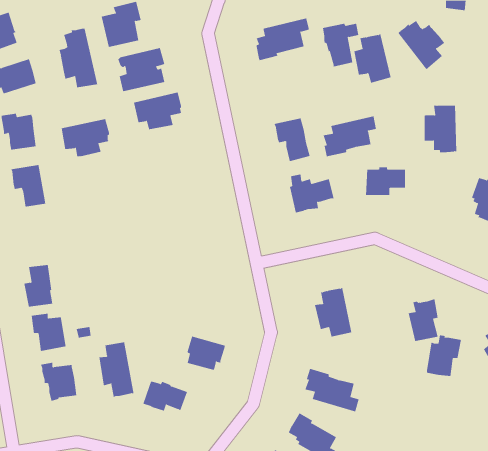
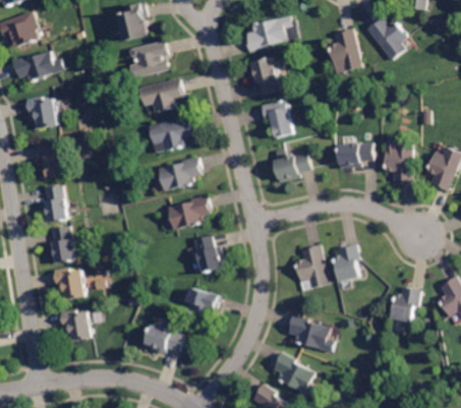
building: [322,23,359,67] -> [250,58,282,96]
building: [59,28,98,88] -> none
building: [424,105,457,153] -> [384,141,412,182]
building: [323,116,377,157] -> none
building: [61,119,110,157] -> [149,117,190,150]
building: none -> [158,157,199,190]
building: none -> [42,185,67,222]
building: none -> [167,194,209,229]
building: none -> [192,235,223,273]
building: [408,299,439,343] -> [332,244,358,282]
building: [99,342,134,398] -> none

